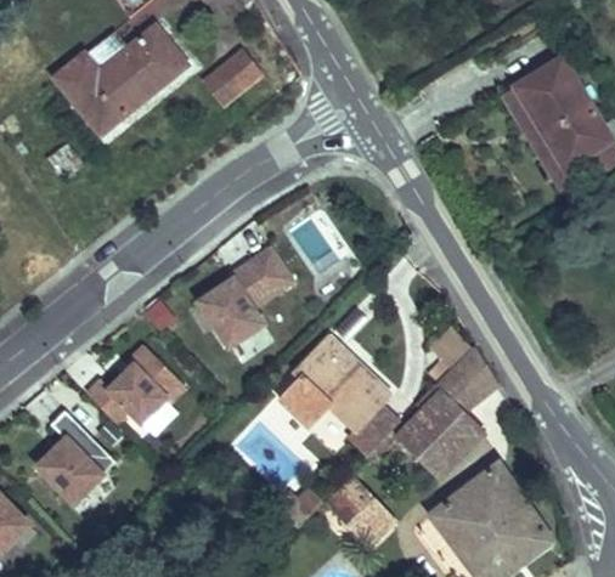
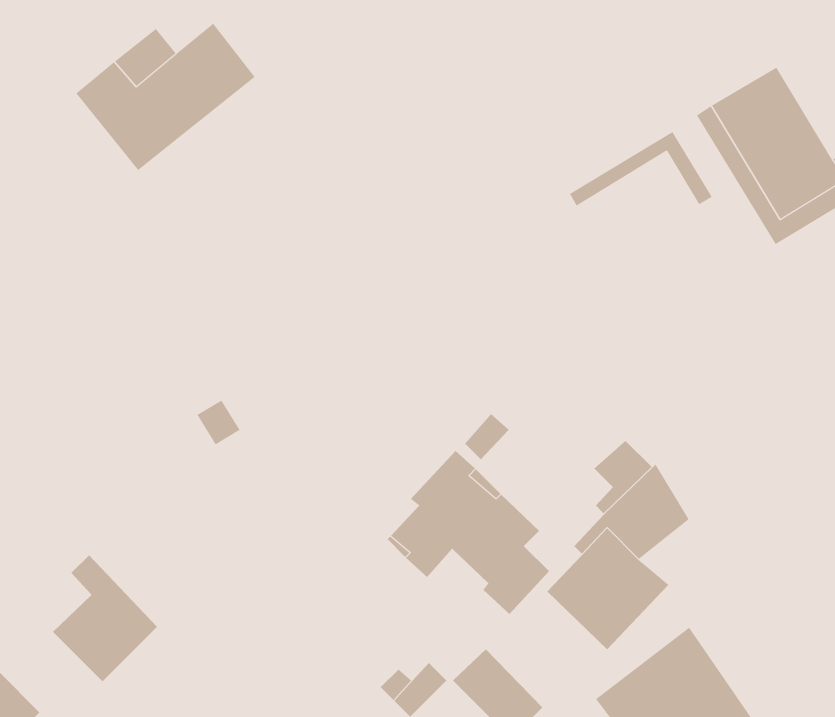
building: [203,50,261,106] -> none
building: none -> [569,131,713,206]
building: [199,249,292,346] -> none
building: [88,346,185,423] -> none

